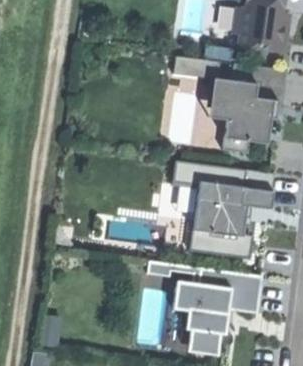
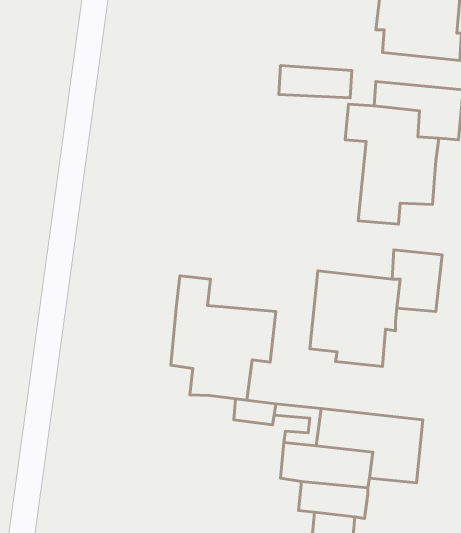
building: none -> [171,276,276,400]

